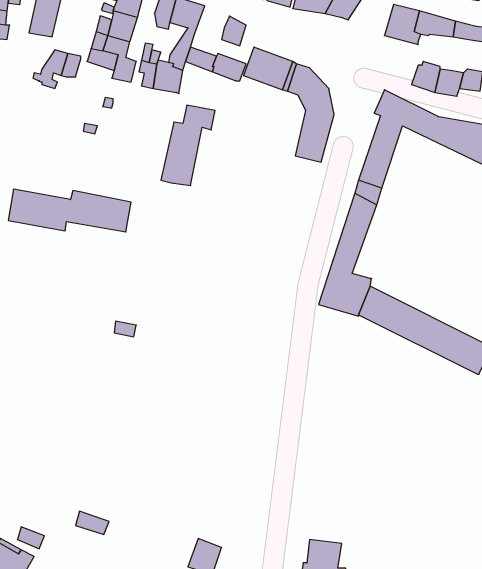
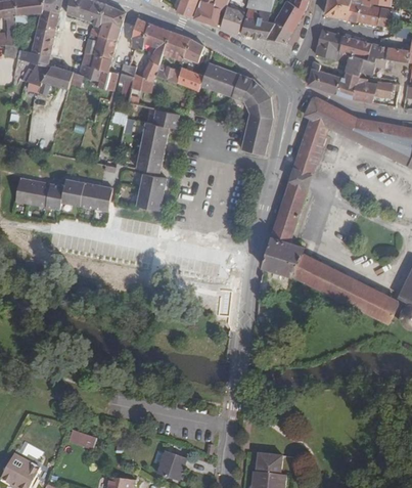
building: none -> [163,31,190,61]
building: none -> [17,50,52,85]
building: none -> [339,53,384,75]
building: none -> [306,61,339,93]
building: none -> [136,174,167,211]

